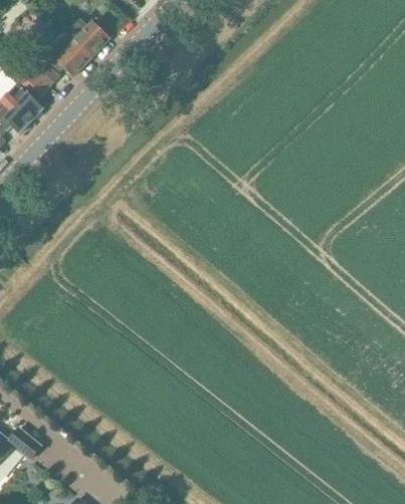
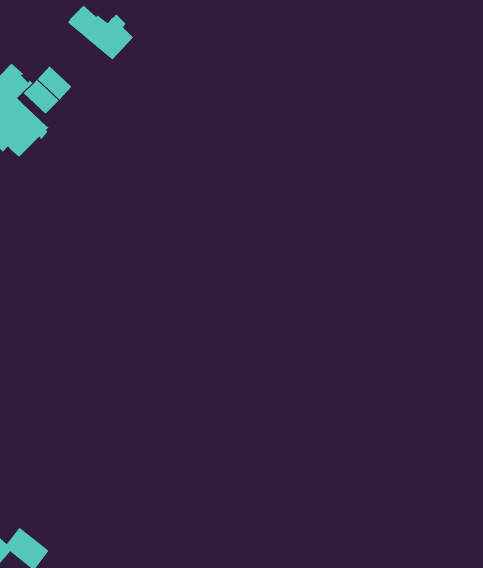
building: [44,35,92,78] -> none

